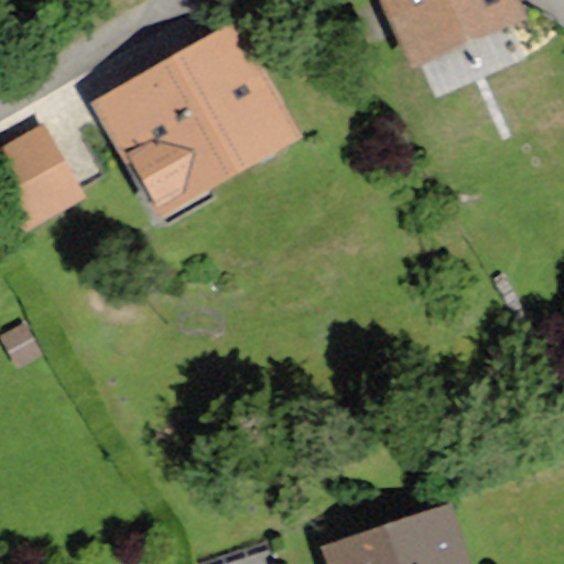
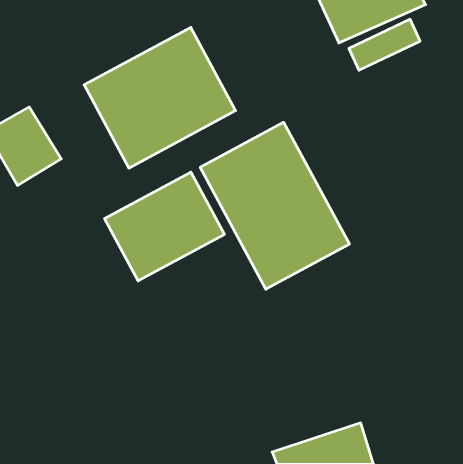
building: none -> [200,122,349,289]
building: none -> [105,172,224,281]

